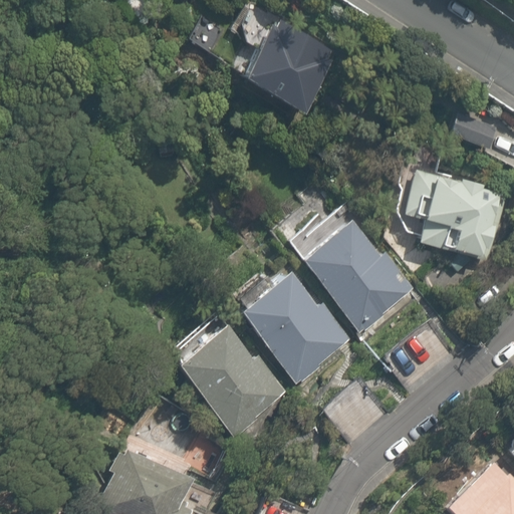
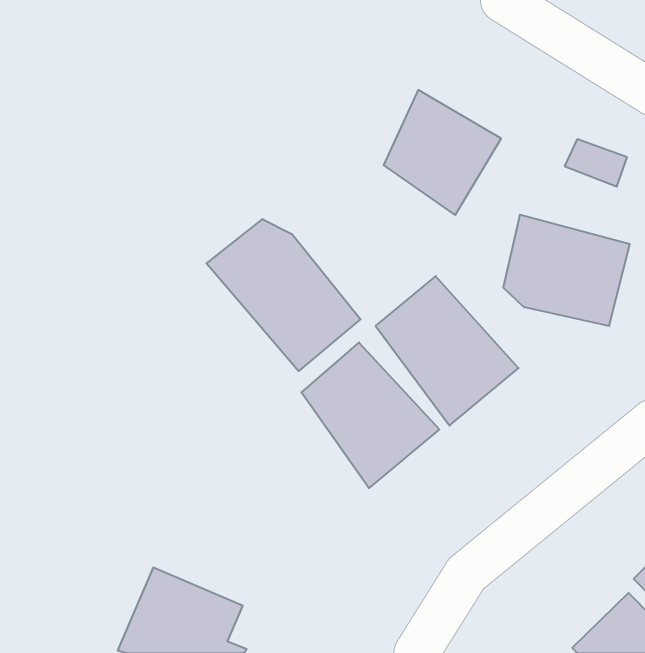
building: [243,13,335,111] -> [384,90,501,215]
building: none -> [206,219,361,371]
building: [173,319,286,436] -> none

